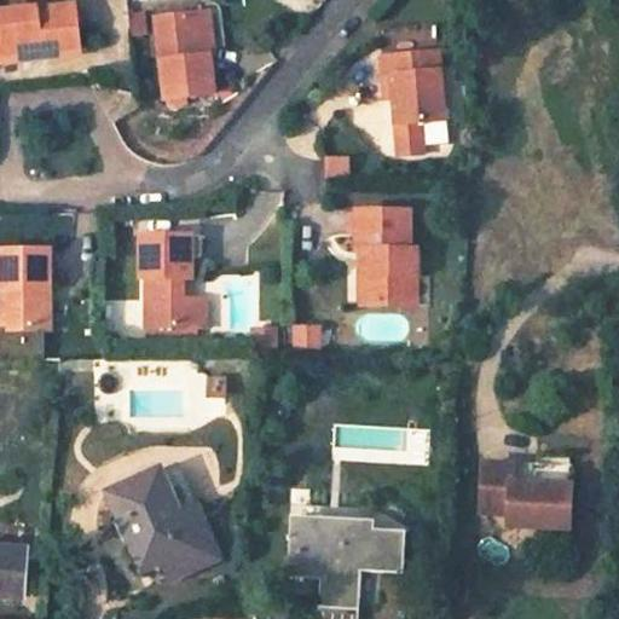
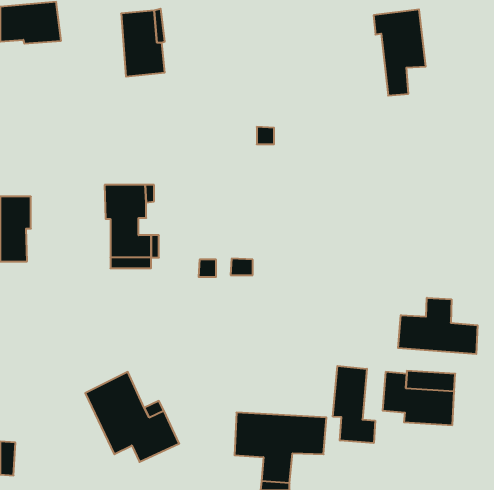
building: [378,52,444,160] -> [374,9,426,96]
building: [352,209,415,302] -> none
building: none -> [398,298,478,354]
building: none -> [333,366,375,443]

